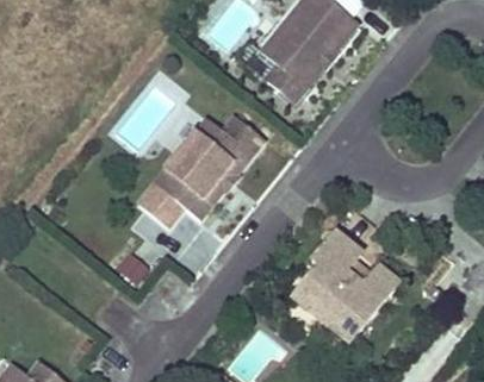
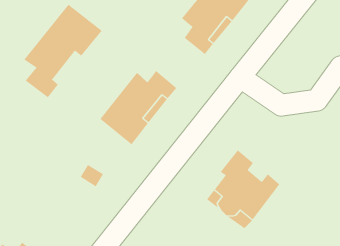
building: none -> [24,4,103,98]

